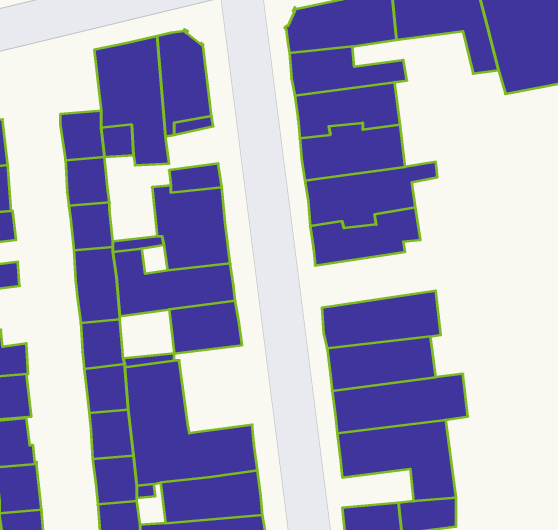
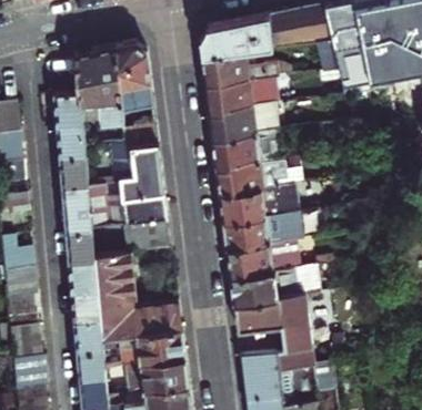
building: none -> [220,185,299,224]

